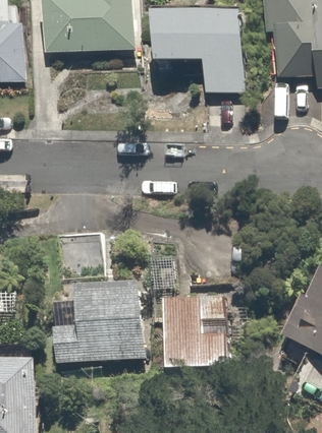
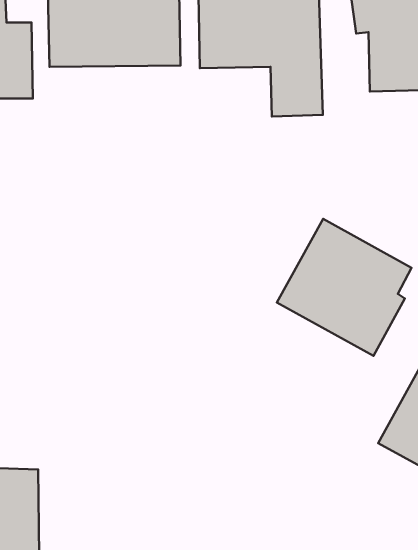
building: none -> [277,219,412,356]
building: [52,284,144,358] -> none
building: [158,298,226,366] -> none

